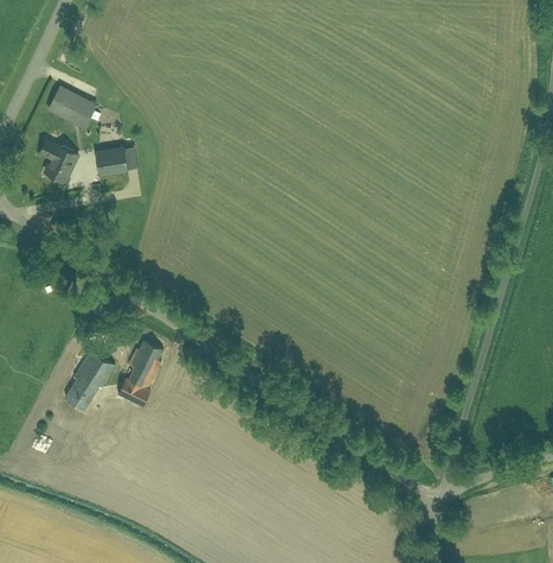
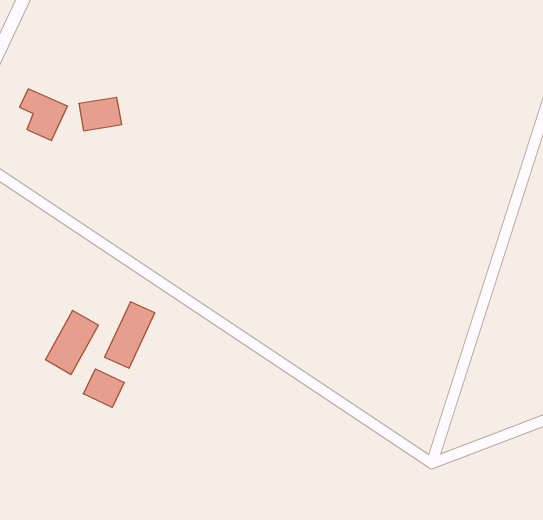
building: [47,87,96,128] -> none
building: none -> [83,369,124,407]

